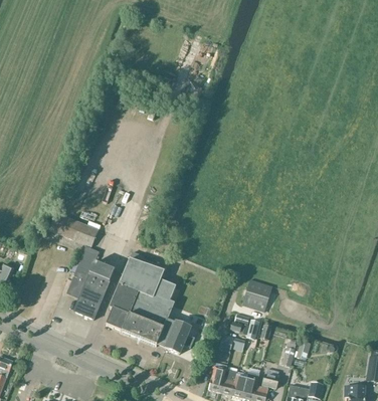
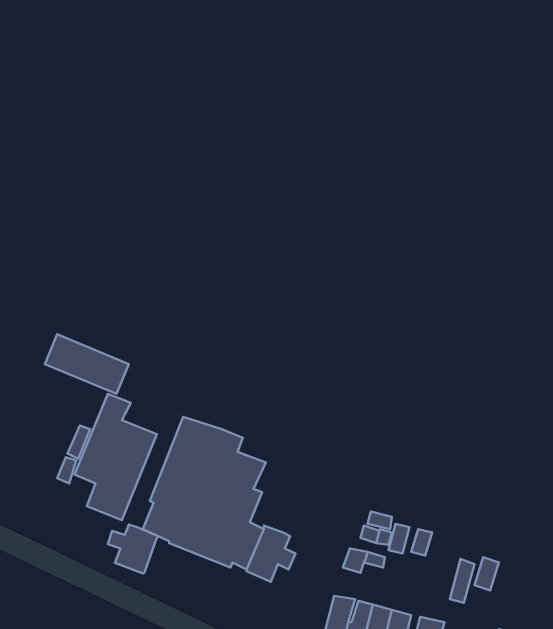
building: [243,278,272,311] -> none
building: none -> [108,525,159,574]

